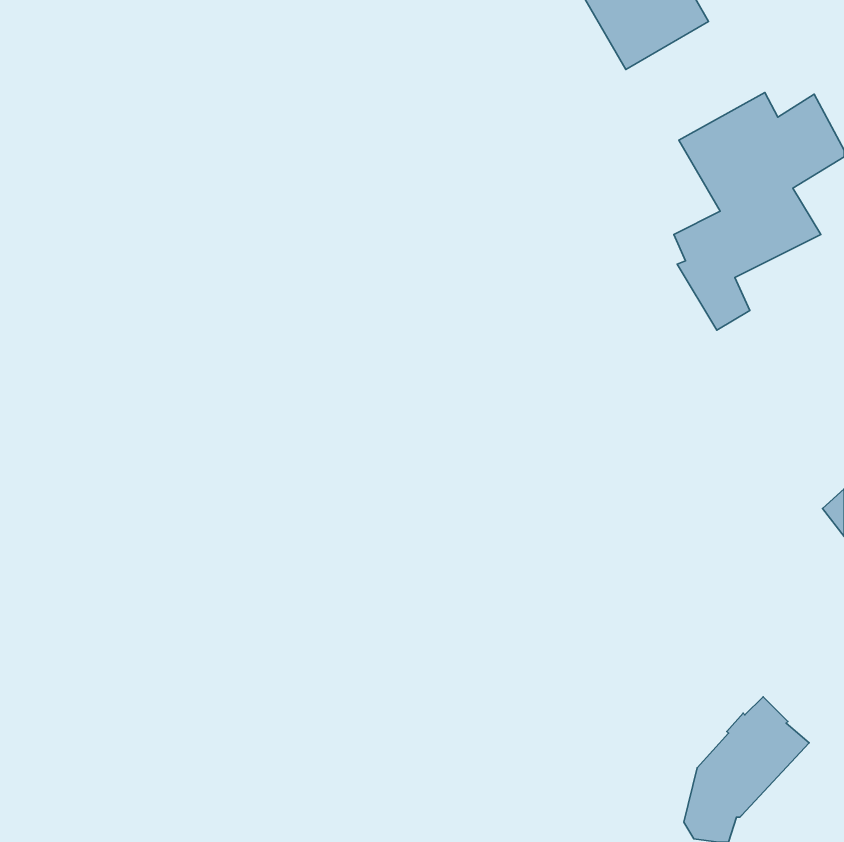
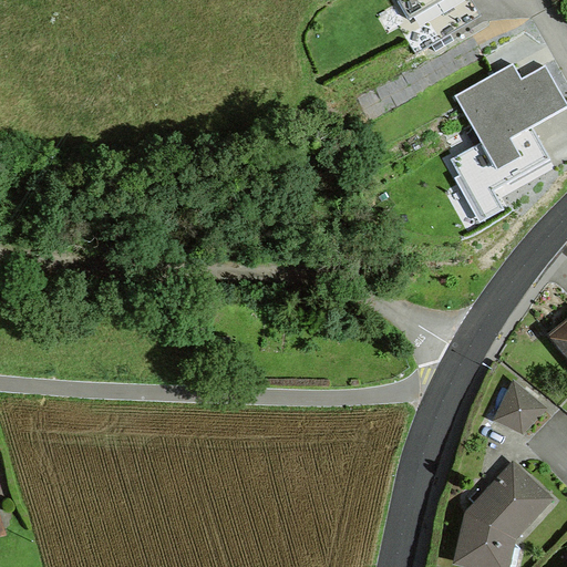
building: none -> [494,384,540,431]

